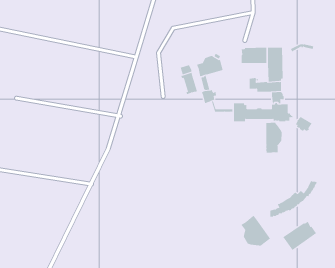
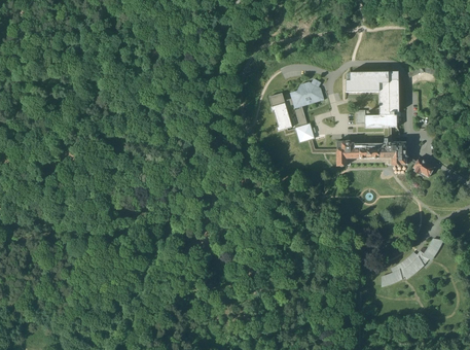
building: [266,122,282,154] -> none
building: [241,215,271,247] -> none
building: [282,221,317,251] -> none

